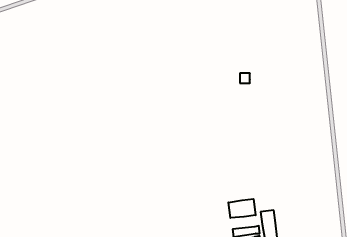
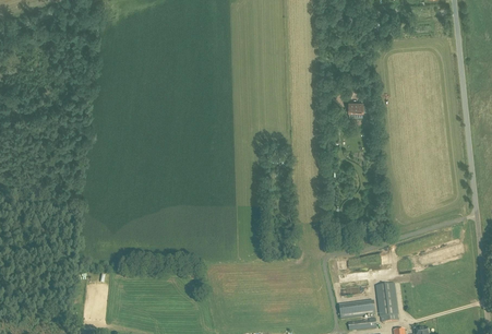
building: [228,199,256,218] -> none

